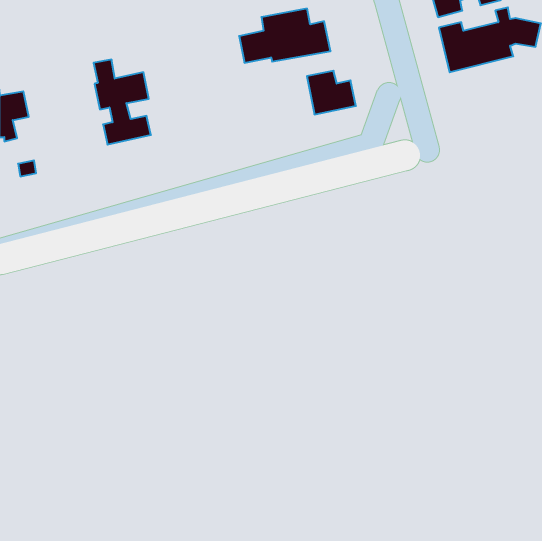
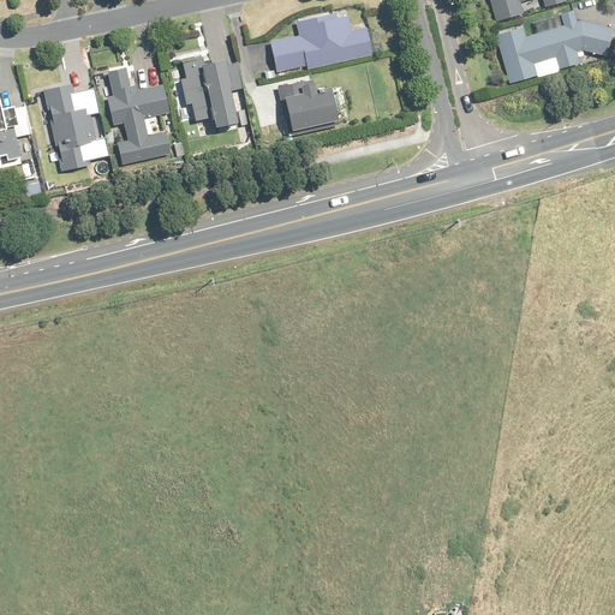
building: none -> [169,53,237,126]
building: [307,71,356,114] -> [282,79,338,129]
building: none -> [43,84,107,169]

